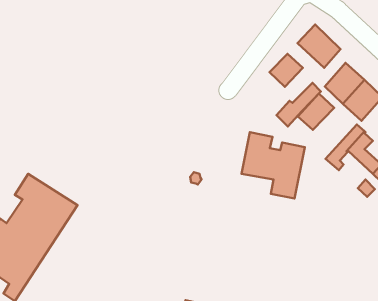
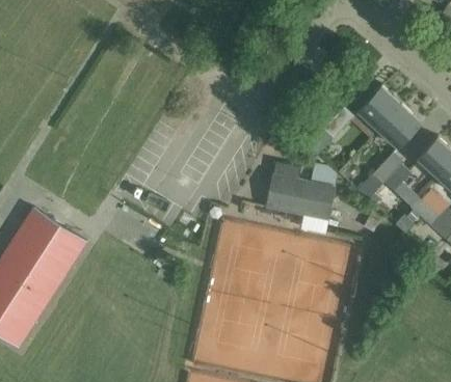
building: [298,25,341,68] -> none
building: [270,54,303,87] -> none
building: [298,93,334,130] -> none

